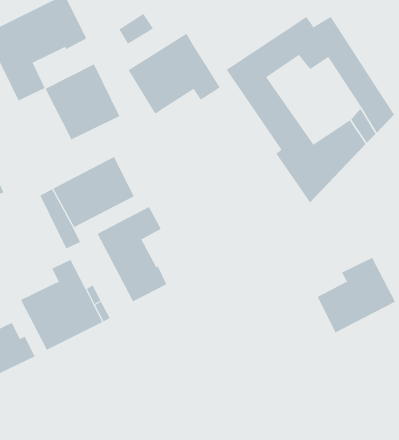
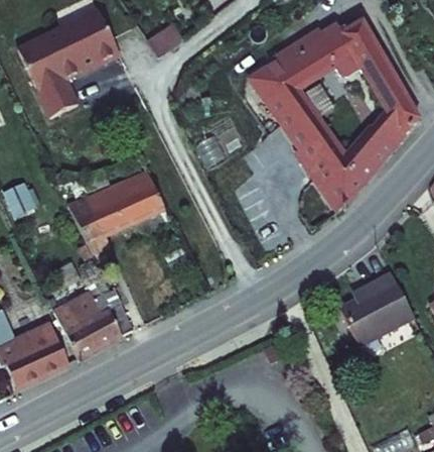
building: [128,33,220,114] -> none
building: [45,63,120,140] -> none
building: [97,206,167,302] -> none

